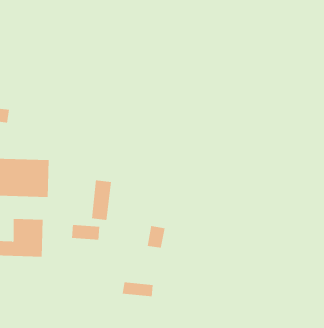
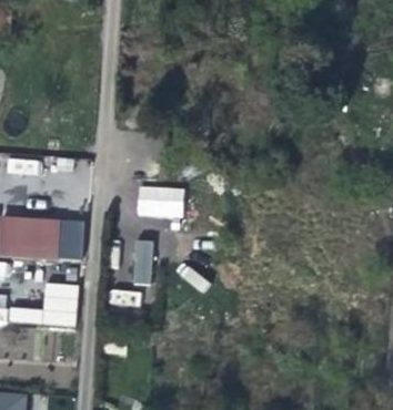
building: none -> [137,185,183,218]

